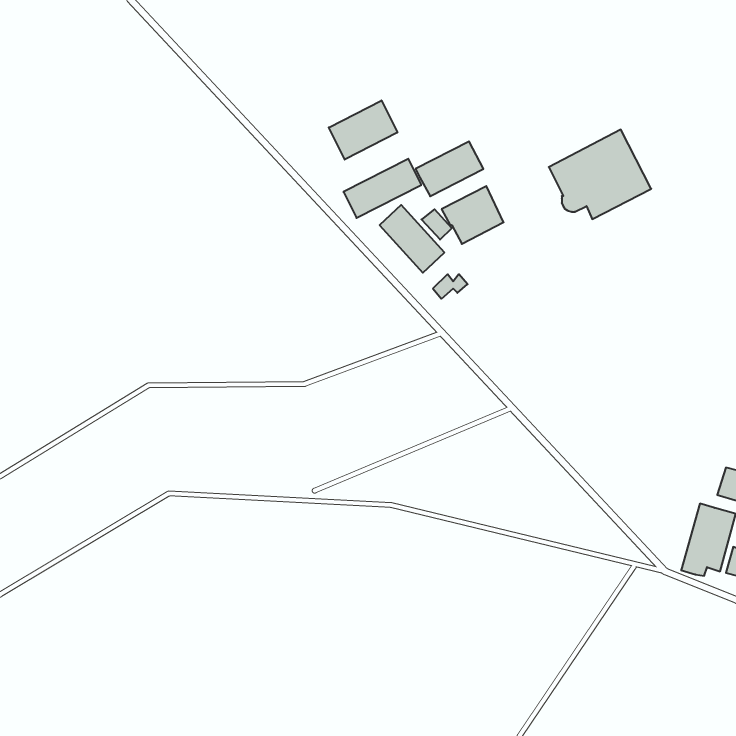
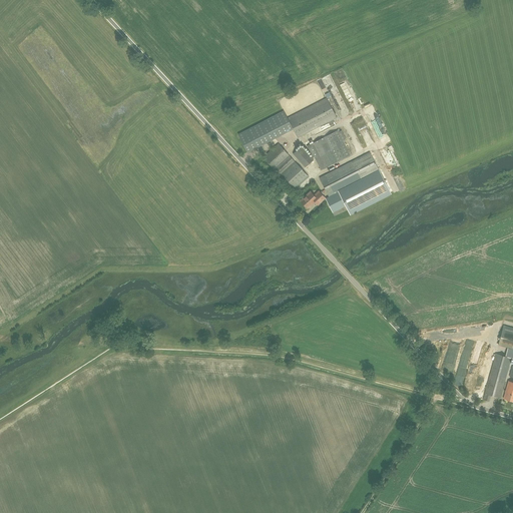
building: [329,100,397,160] -> none
building: [549,130,651,219] -> [321,151,392,213]

